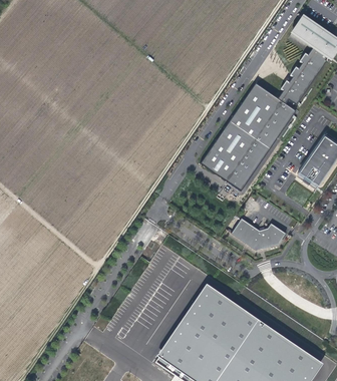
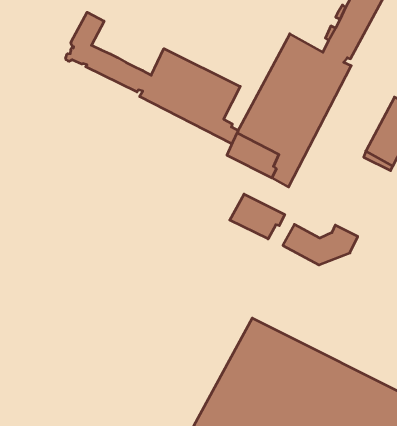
building: none -> [66,12,240,144]
building: none -> [230,194,285,239]

